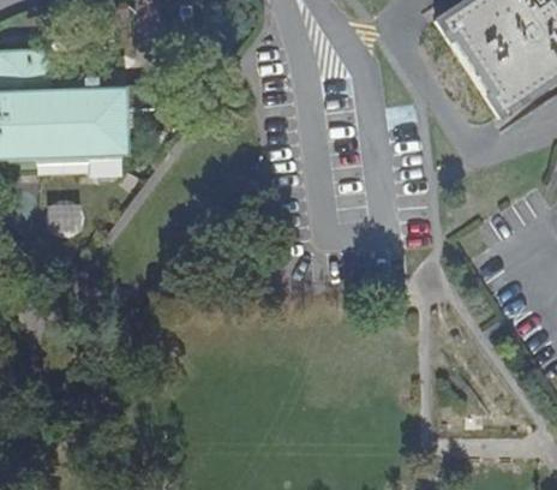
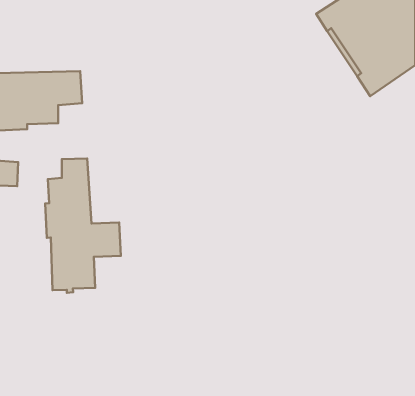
building: none -> [45,158,121,293]

